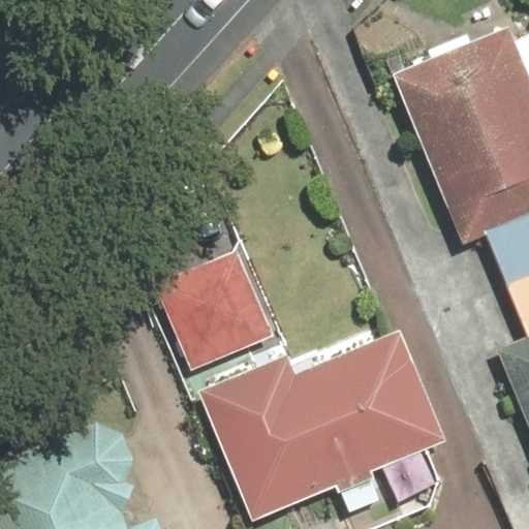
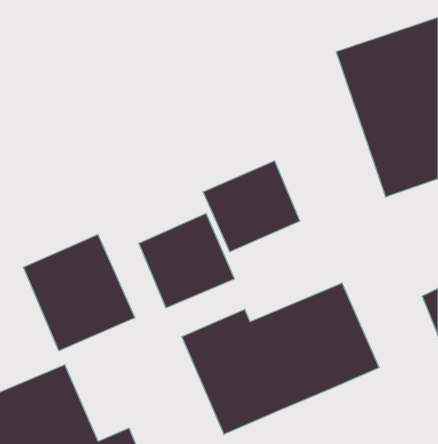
building: none -> [203,161,300,252]
building: none -> [24,234,135,351]

